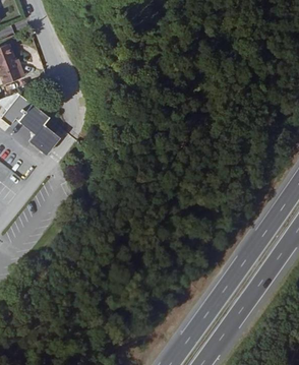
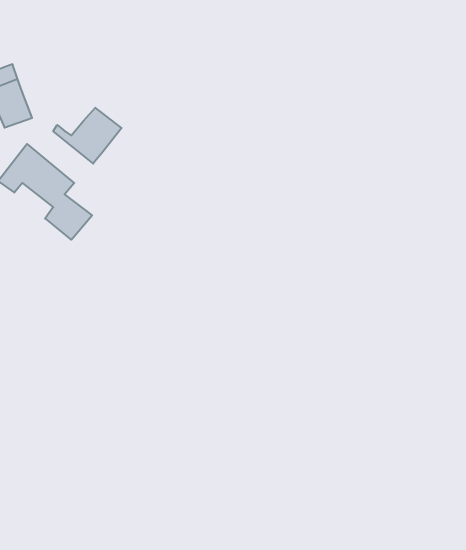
building: none -> [53,108,122,164]

